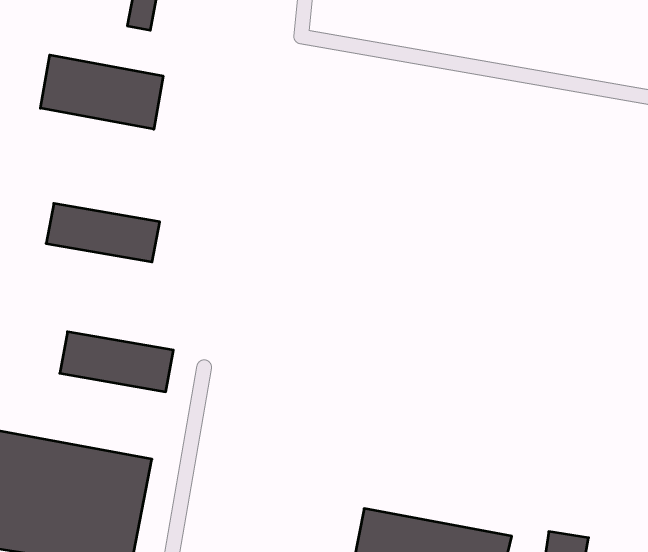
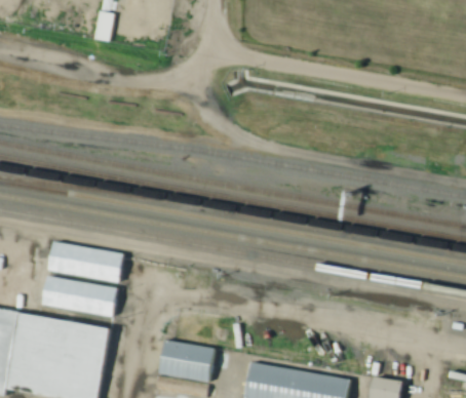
building: [40,55,163,129] -> none
building: [46,203,160,262] -> [42,277,118,316]
building: none -> [159,340,215,381]

